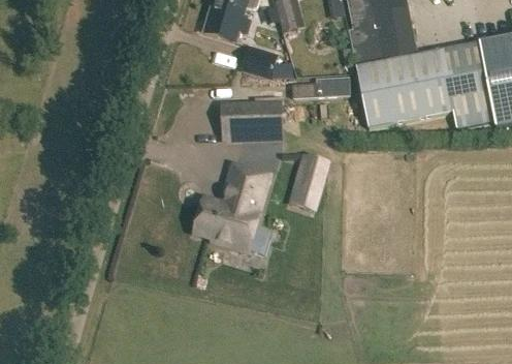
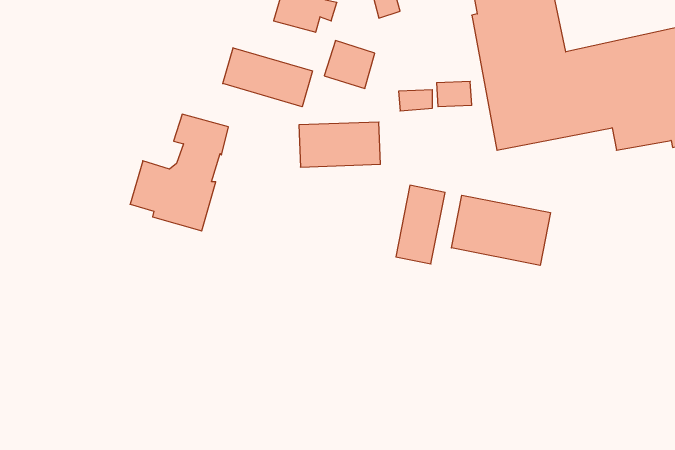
building: none -> [223,48,312,107]
building: none -> [451,195,550,265]
building: [195,164,267,250] -> [130,114,228,231]

